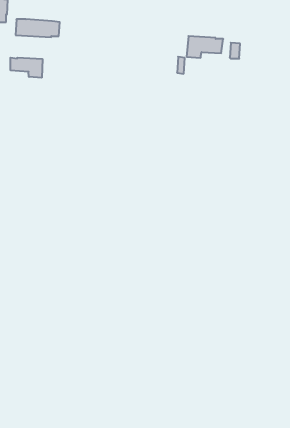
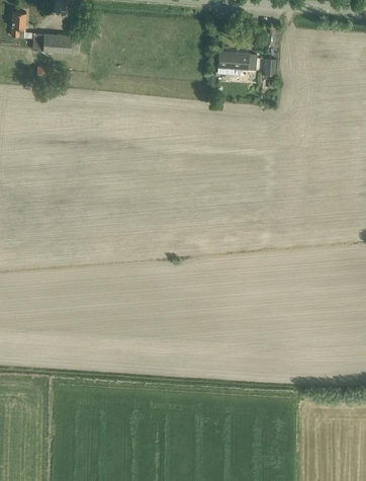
building: [10,58,42,78] -> none

